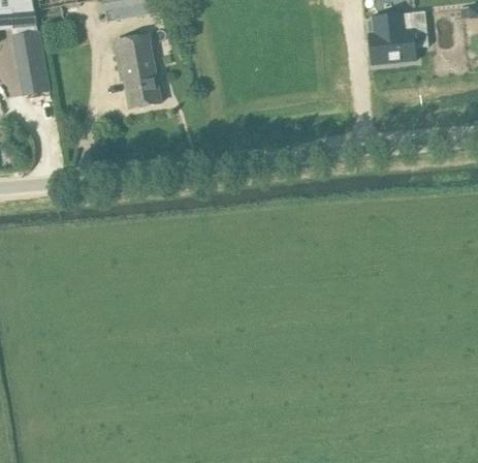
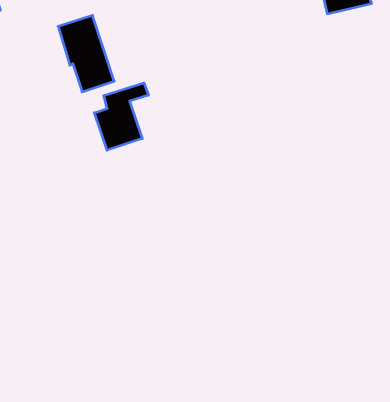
building: none -> [94,83,148,150]

